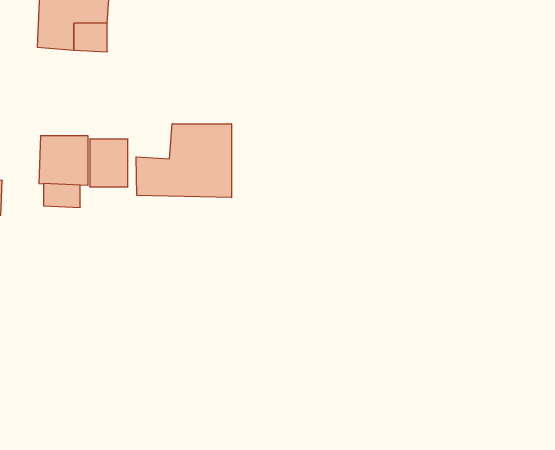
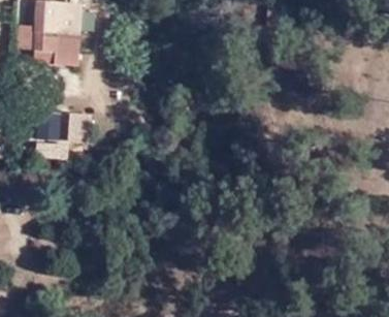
building: [136,124,232,198] -> none

